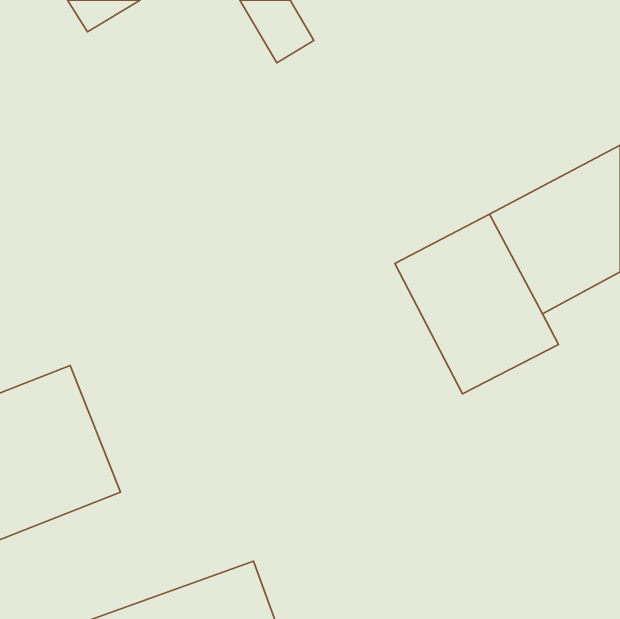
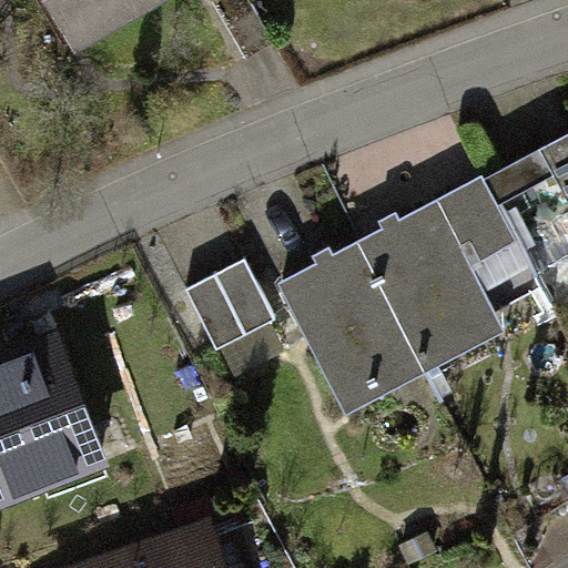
building: none -> [276,246,417,405]
building: none -> [184,265,278,358]

